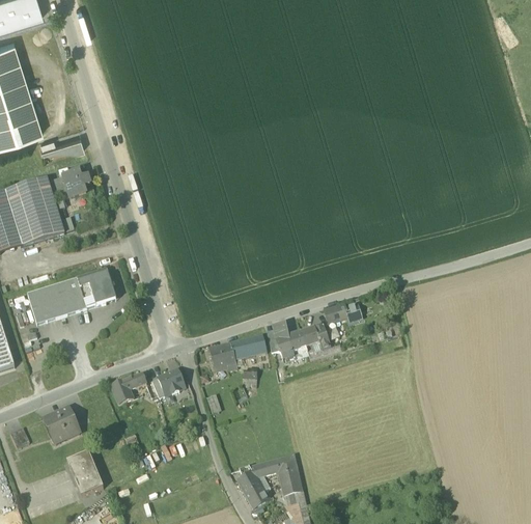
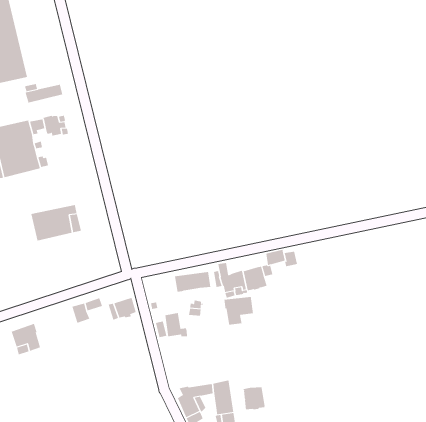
building: [27,284,65,324] -> none
building: [207,342,235,370] -> [165,313,188,337]
building: none -> [224,296,254,326]
building: [66,452,103,496] -> none
building: none -> [242,387,265,410]

